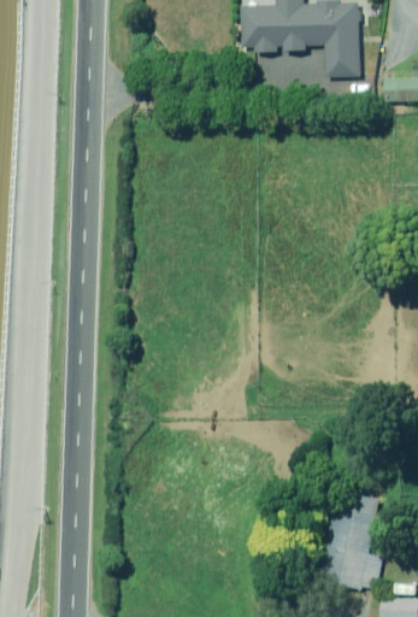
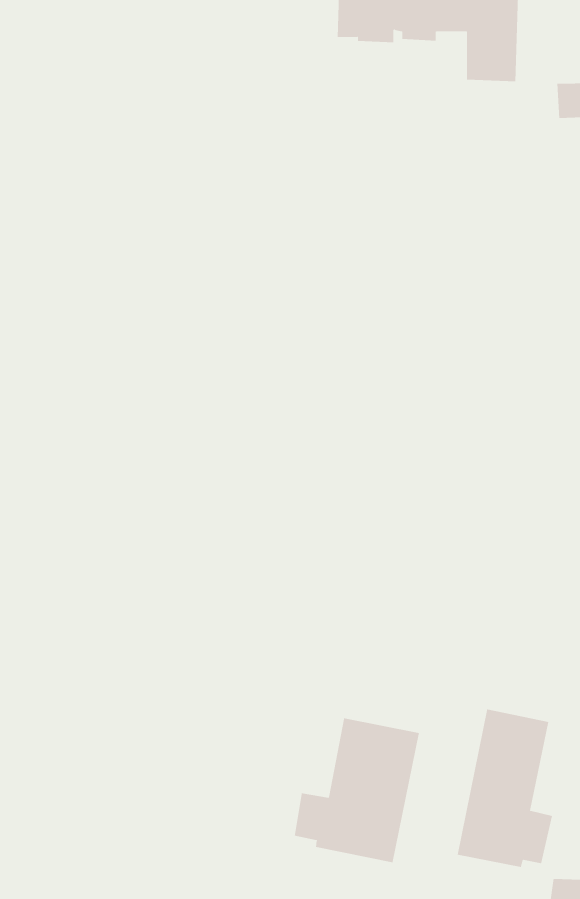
building: none -> [294,717,419,863]

